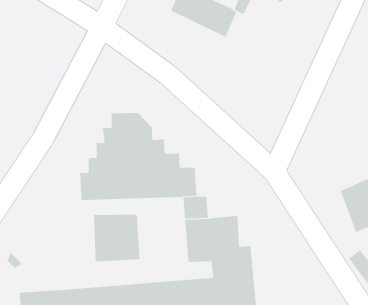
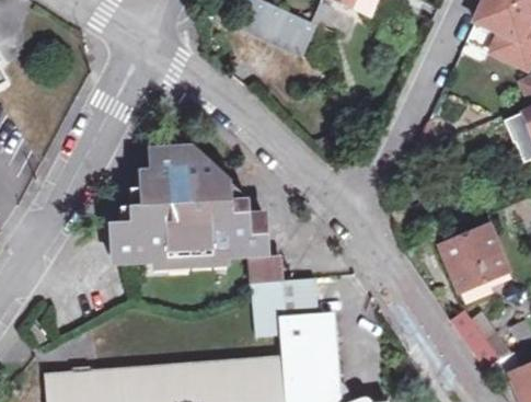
building: [93,214,140,262] -> none

